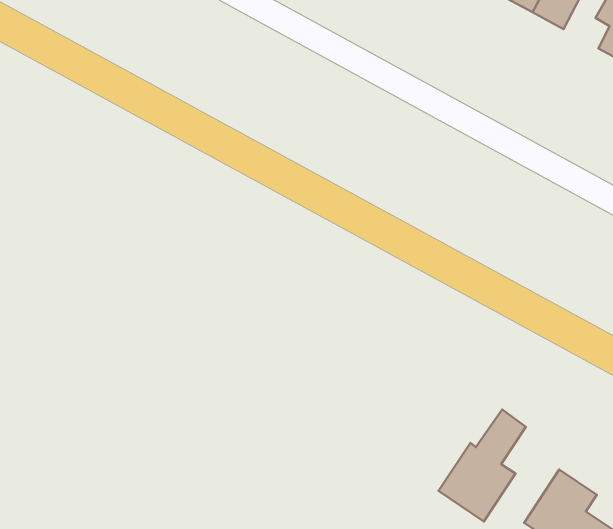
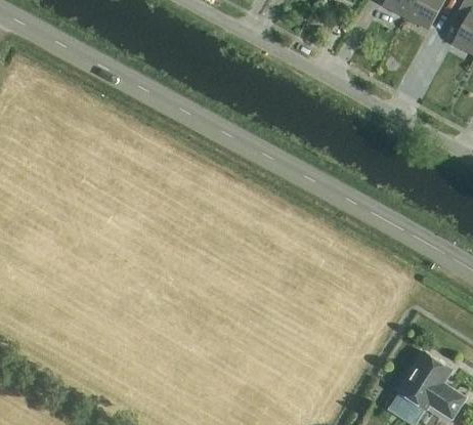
building: [439,409,526,521] -> none

